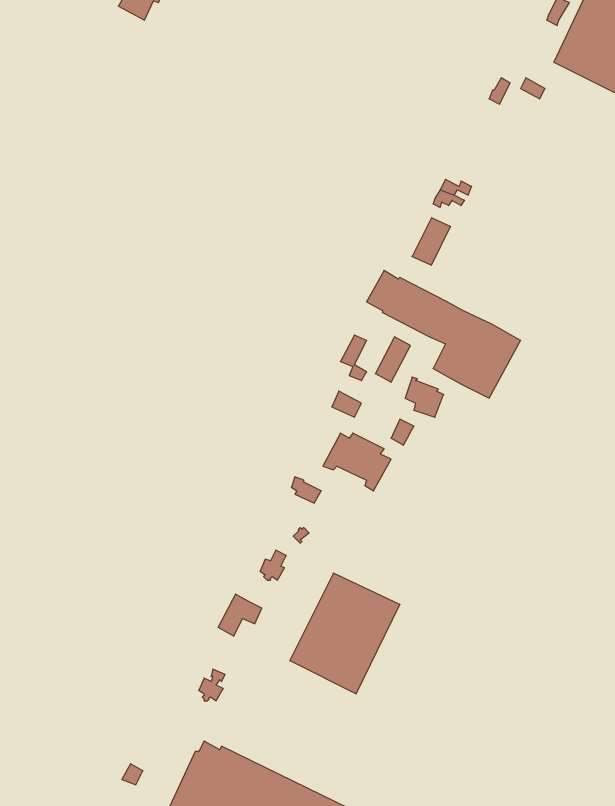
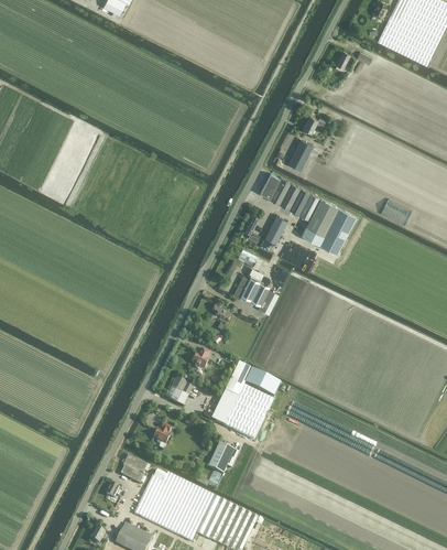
building: none -> [208,443,235,474]
building: none -> [121,455,153,484]

